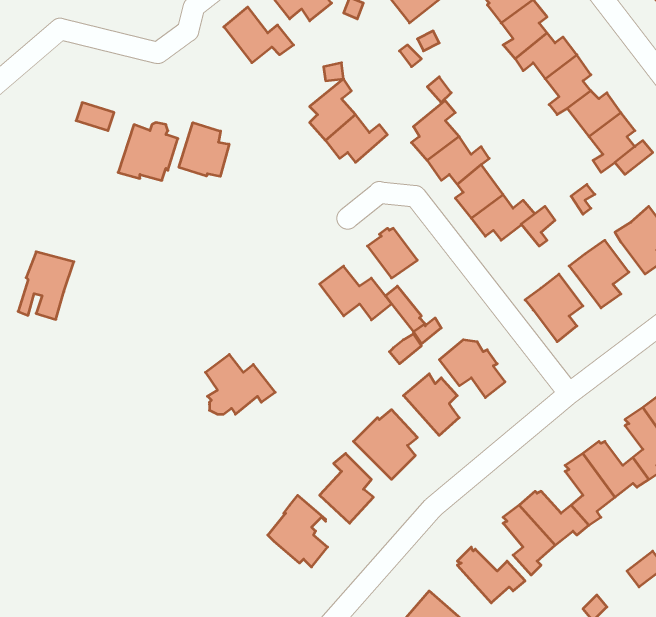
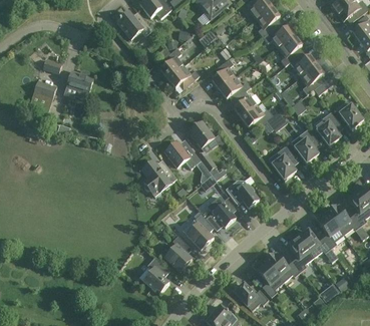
building: [179,123,229,176] -> none
building: [18,252,74,319] -> [28,80,56,114]
building: [205,354,275,414] -> [141,159,176,190]

